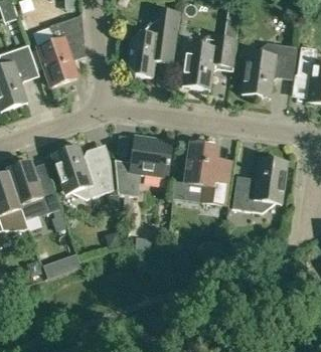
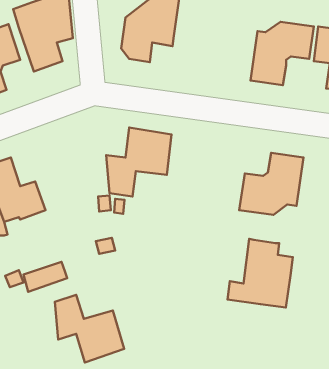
building: [181,34,236,89] -> none
building: [171,143,228,203] -> [227,239,293,308]
building: [50,144,113,198] -> none
building: none -> [55,295,124,362]

